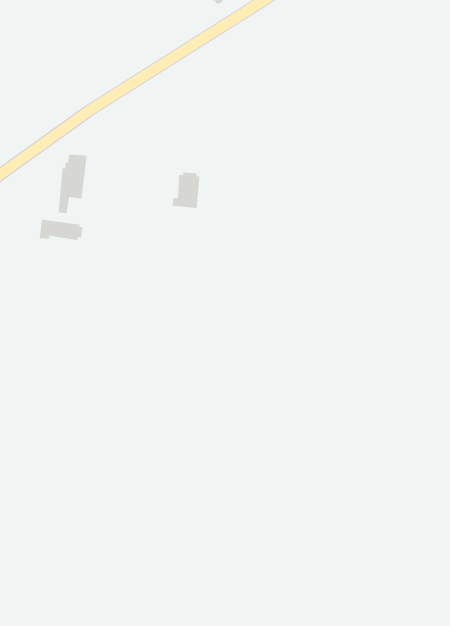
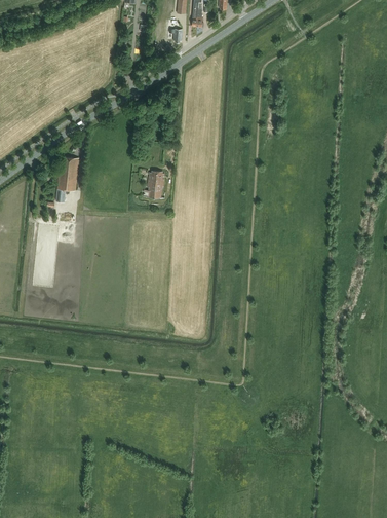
building: [39,219,83,241] -> none

